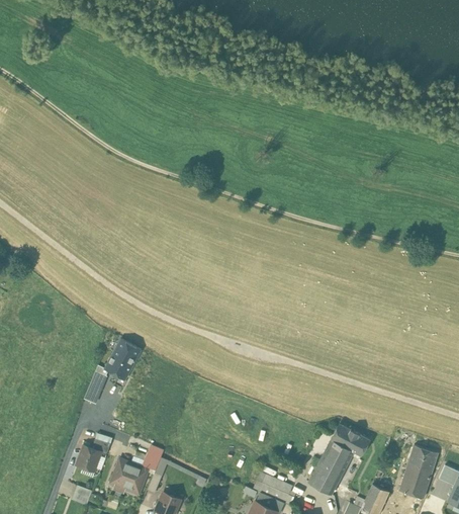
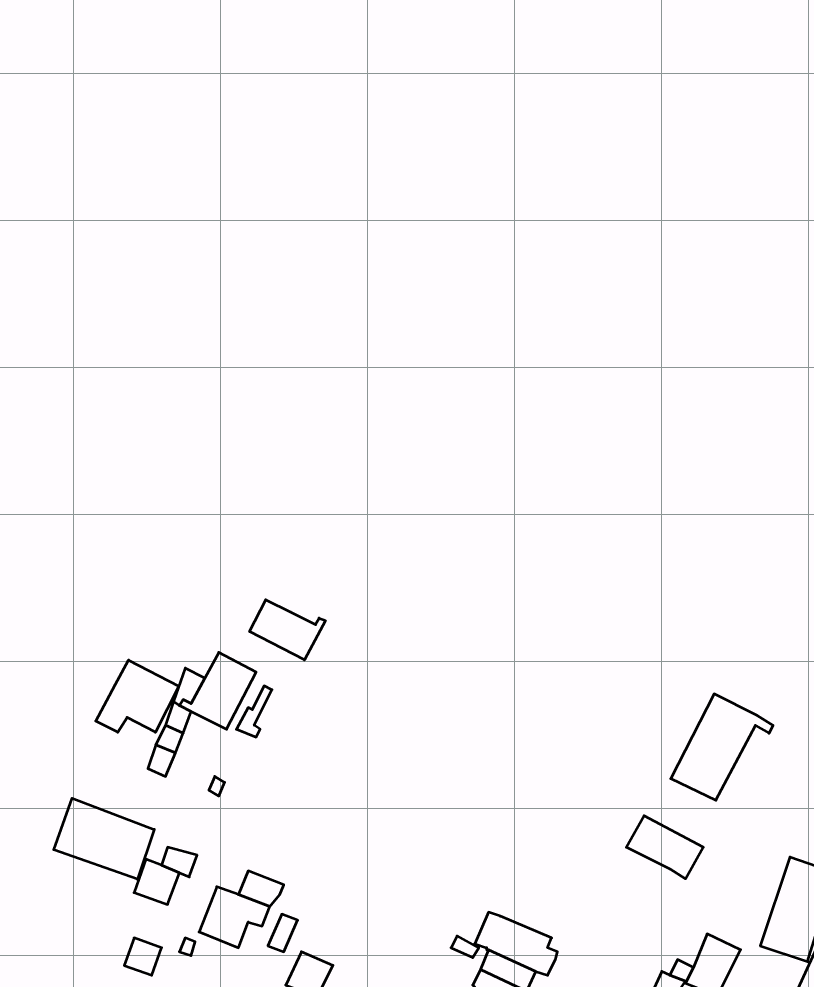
building: none -> [250,600,325,660]
building: none -> [96,660,179,732]
building: none -> [54,798,154,879]
building: [307,440,360,495] -> [671,694,773,800]

